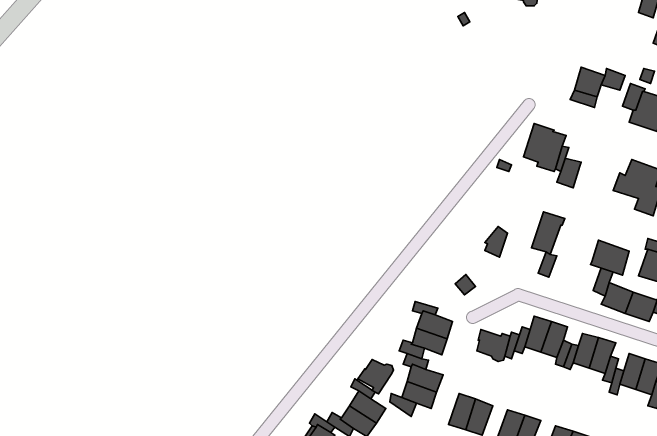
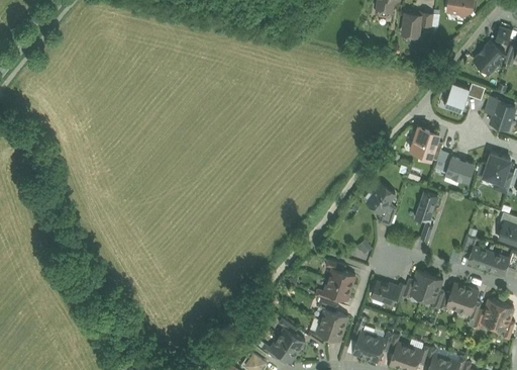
building: none -> [474,42,505,71]
building: none -> [365,183,396,215]
building: [591,240,629,275] -> [445,158,475,184]
building: [358,359,394,394] -> none

